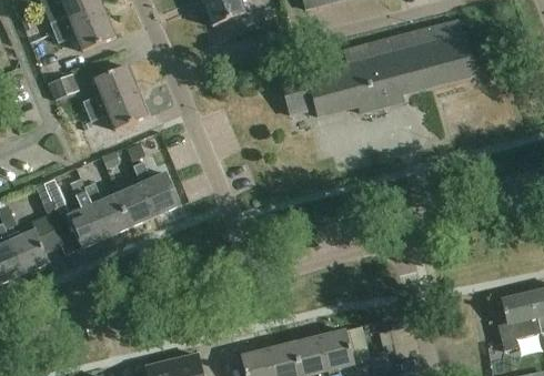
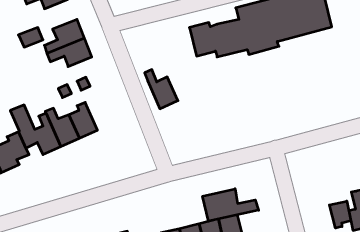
building: [134,161,180,214] -> [145,70,178,109]
building: none -> [203,189,259,221]
building: none -> [329,201,351,228]

